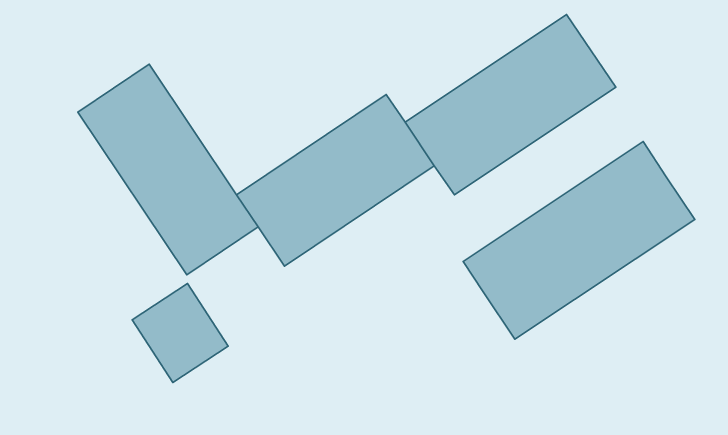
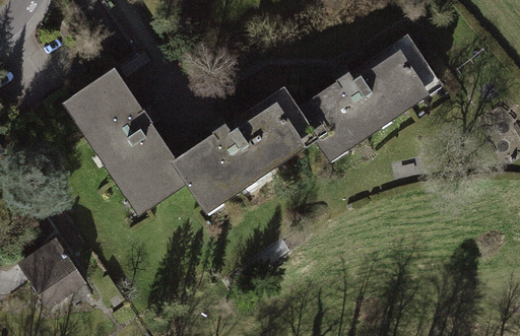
building: [463,141,695,339] -> none
building: [132,284,228,382] -> [19,240,86,309]

